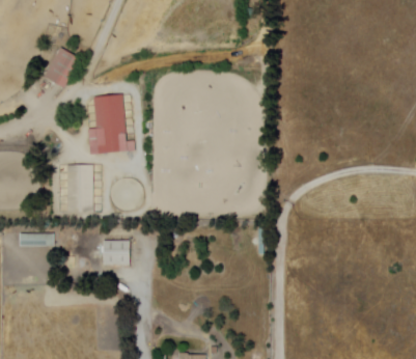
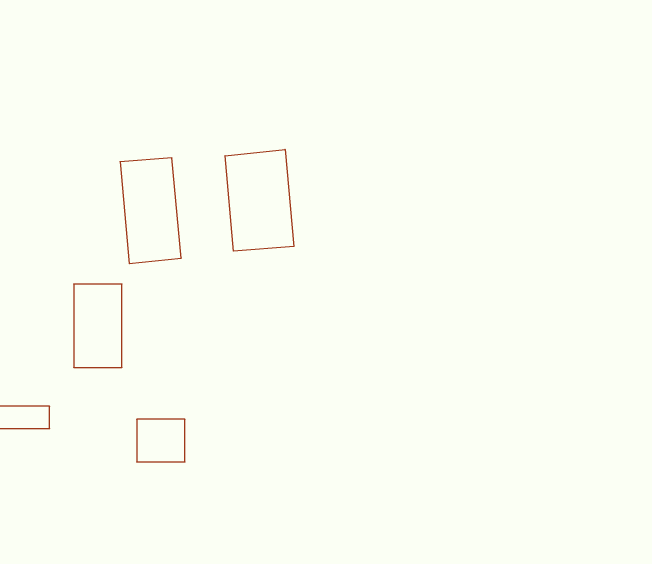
building: [43,47,79,87] -> none
building: none -> [225,149,294,251]

